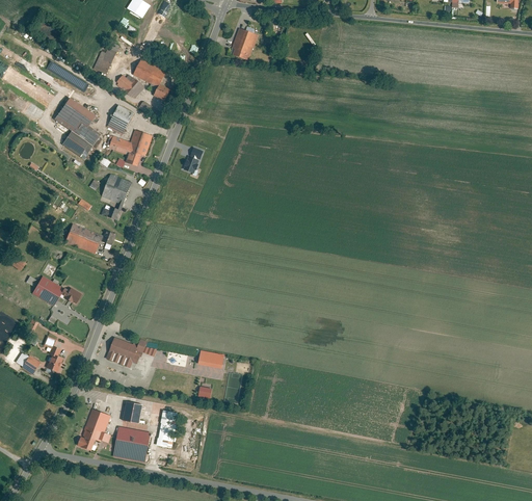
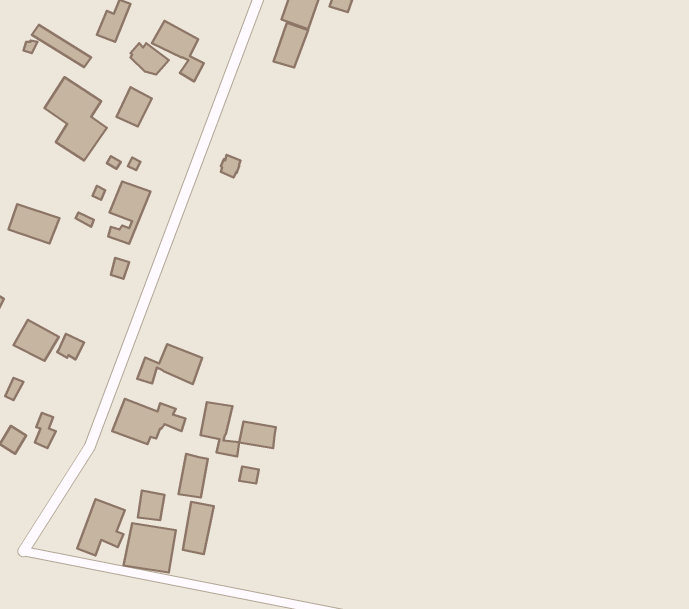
building: none -> [273,23,308,68]
building: [108,129,153,166] -> none
building: [65,223,103,253] -> [9,204,59,244]
building: none -> [137,344,202,384]
building: none -> [201,402,239,456]
building: none -> [178,454,208,497]

